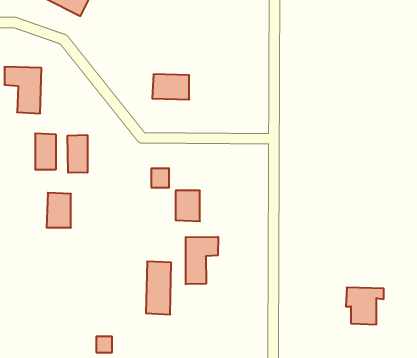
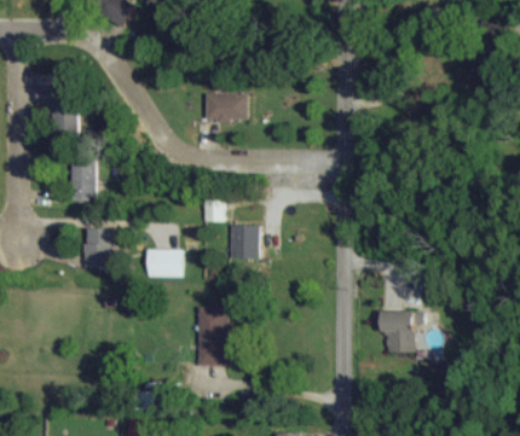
building: [68,135,87,173] -> none
building: none -> [146,248,181,277]
building: [186,237,218,284] -> none
building: [346,287,384,324] -> [379,310,422,353]

